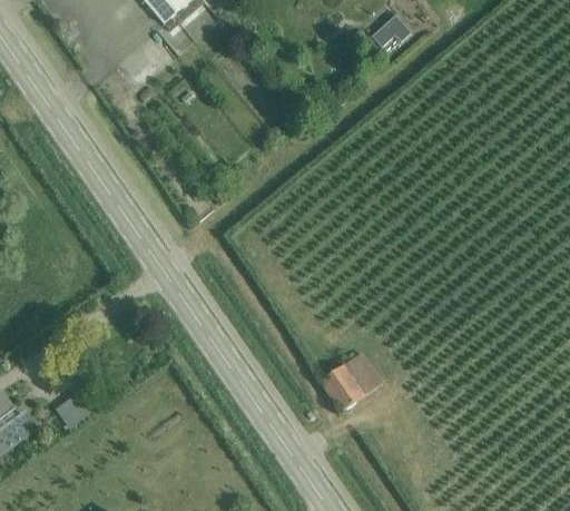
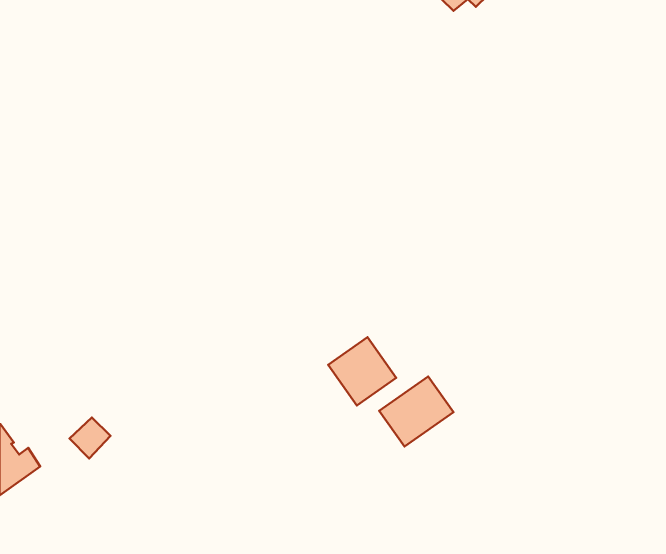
building: none -> [328,337,396,405]

